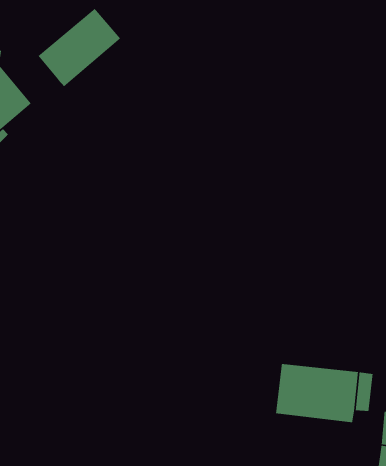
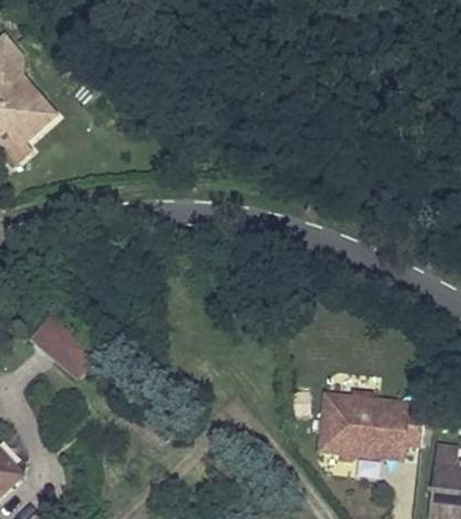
building: [37,8,121,87] -> none
building: none -> [36,319,99,381]

